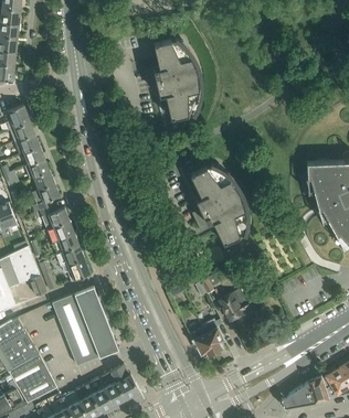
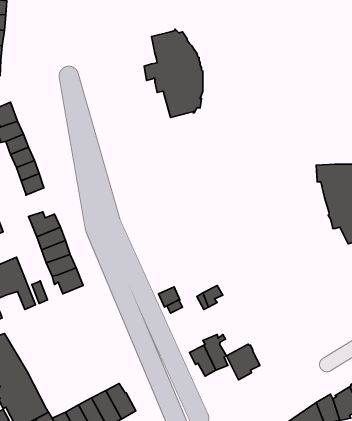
building: [190,163,248,244] -> none
building: [32,184,60,213] -> none
building: [52,287,118,366] -> none
building: [219,289,250,322] -> [227,344,260,380]

